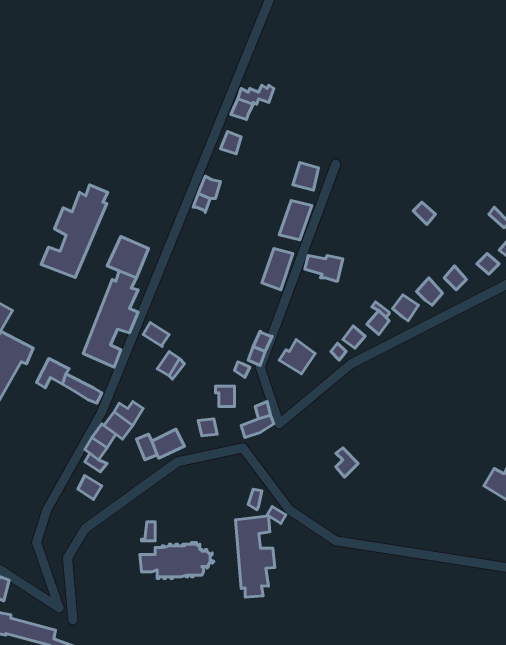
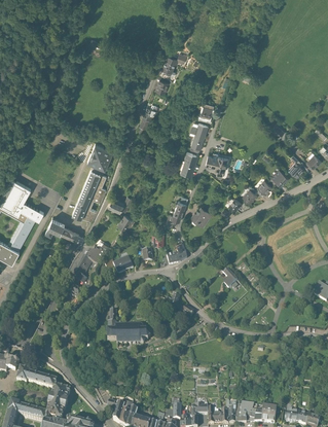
building: [41,185,108,278] -> none
building: [236,516,275,597] -> none

